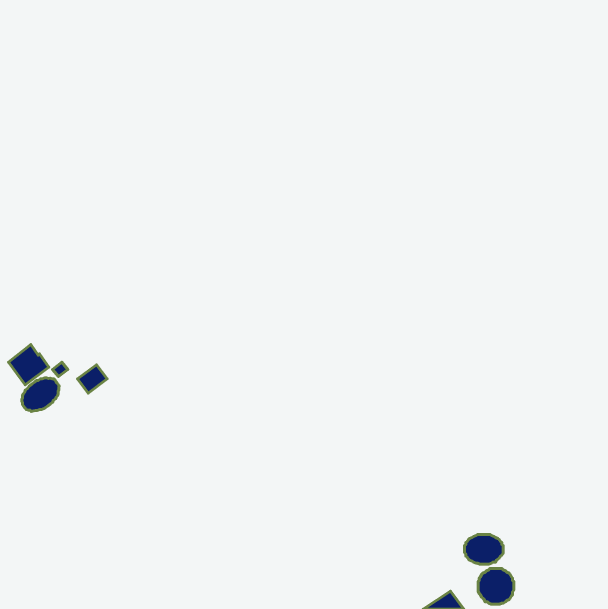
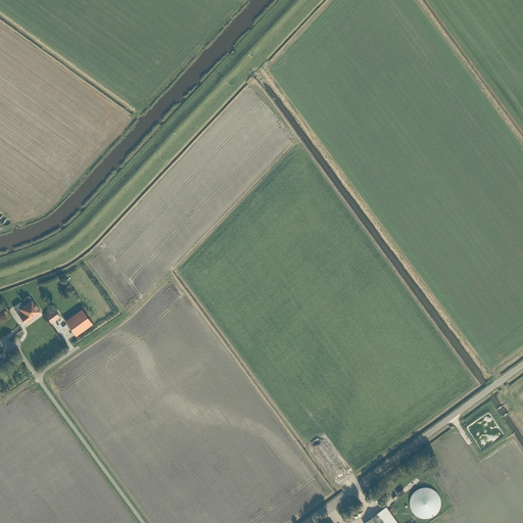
building: [22,378,59,412] -> none
building: [464,535,503,564] -> none

